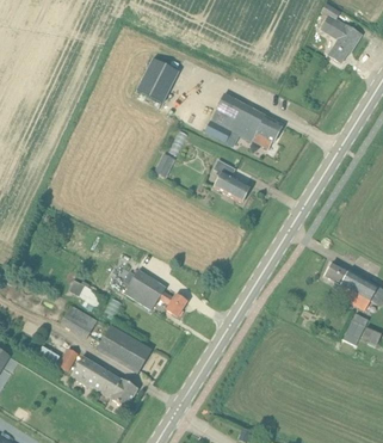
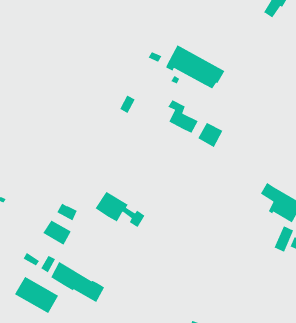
building: [136,57,179,101] -> none
building: none -> [197,122,223,148]
building: [97,325,152,371] -> [14,276,59,314]

